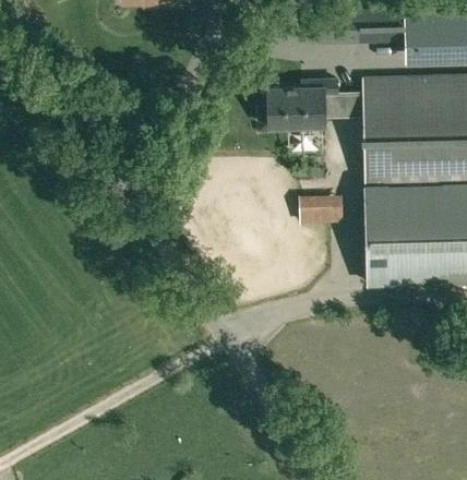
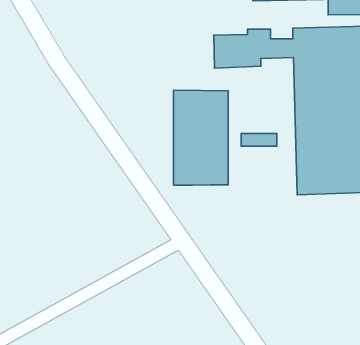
building: none -> [174,90,228,185]

